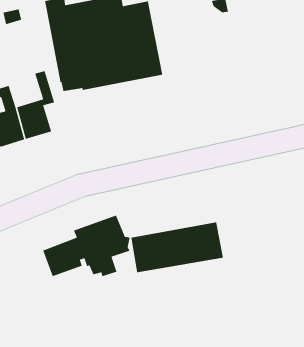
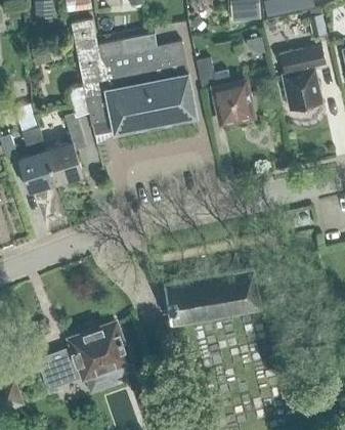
building: none -> [279,45,326,111]
building: none -> [196,58,252,124]
building: [42,214,131,277] -> [37,324,128,388]

